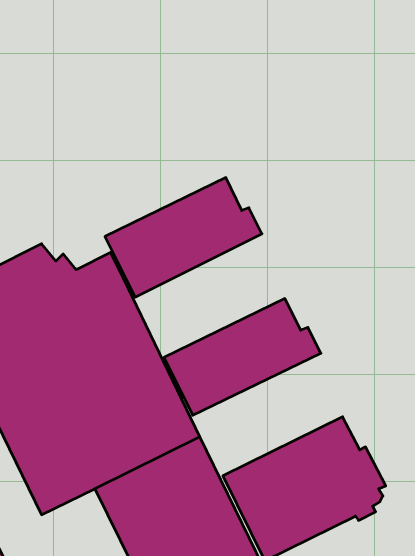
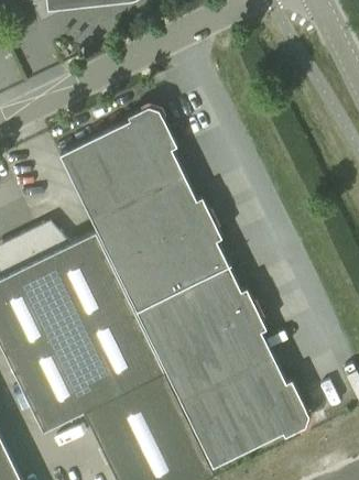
building: none -> [59,111,184,220]
building: none -> [115,218,229,313]
building: none -> [159,309,273,403]

